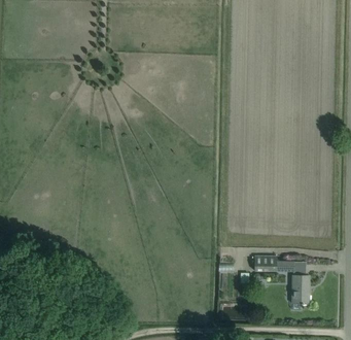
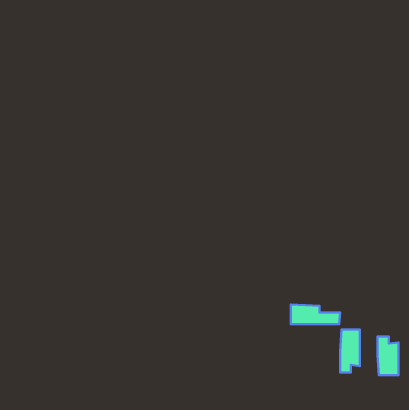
building: none -> [377,337,399,375]

